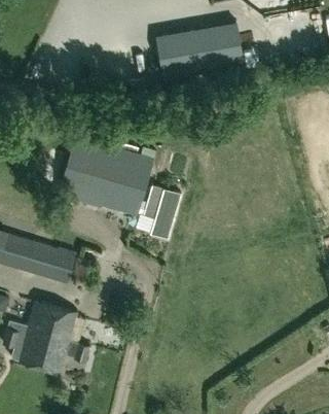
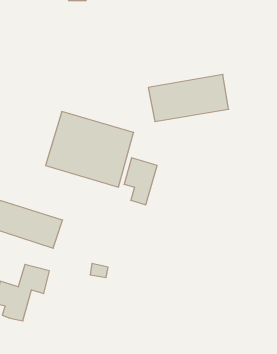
building: [155,23,243,74] -> [148,74,229,122]
building: [33,309,89,372] -> none

